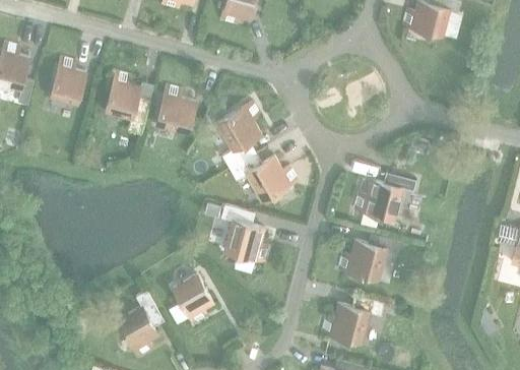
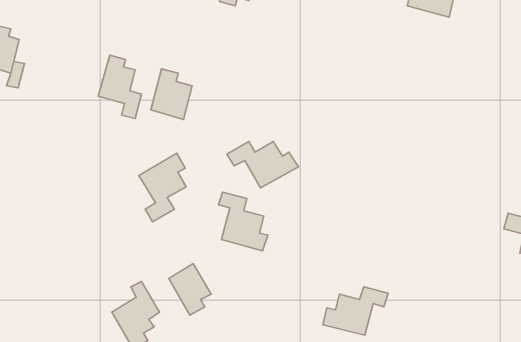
building: [50,59,85,107] -> none
building: [215,104,261,170] -> [139,153,186,222]
building: [353,177,415,230] -> none
building: [337,238,399,282] -> none

